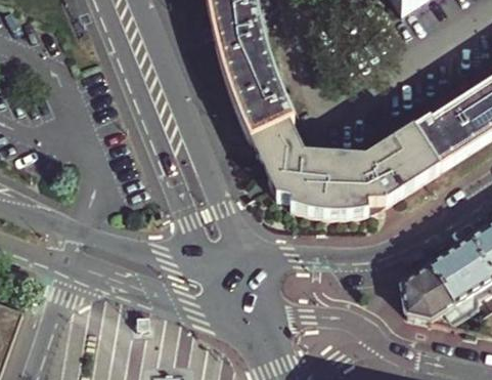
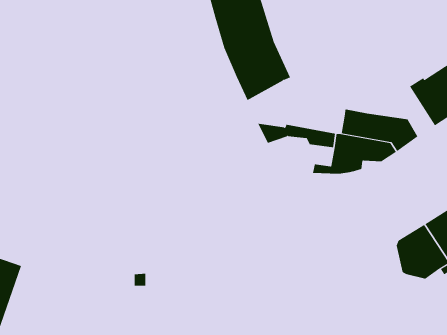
building: [252,118,349,171] -> none
building: [372,124,440,174] -> none
building: [272,174,339,211] -> none

